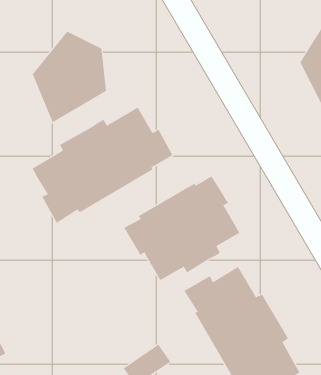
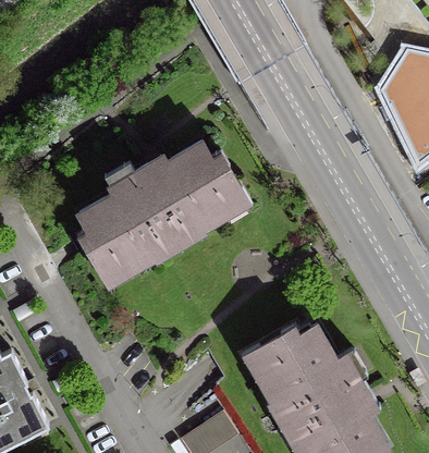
building: [32,31,106,123] -> none
building: [123,176,240,281] -> none

